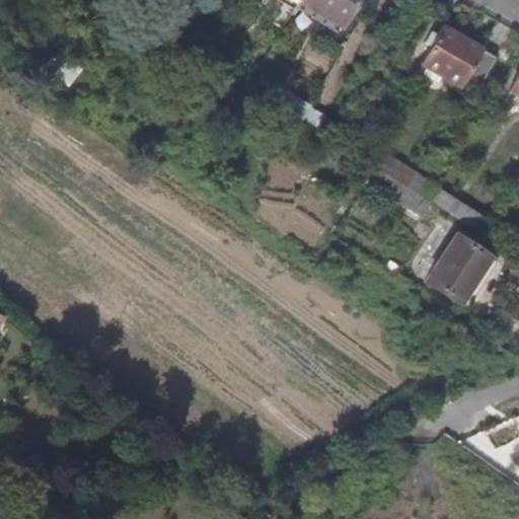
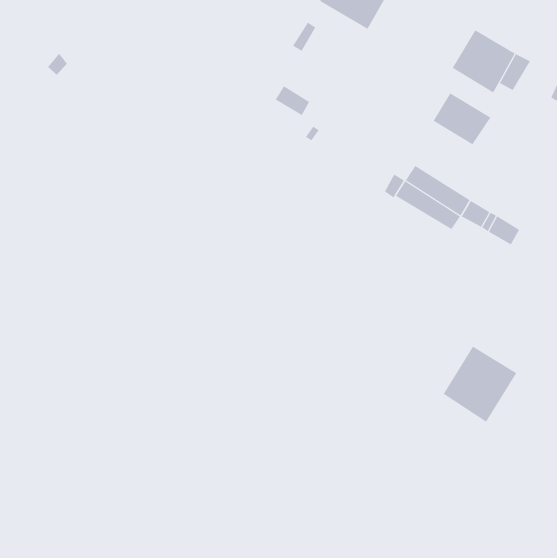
building: none -> [433,93,491,145]
building: [428,234,497,305] -> [443,346,517,422]

